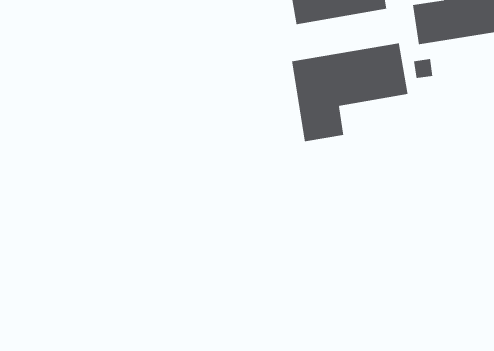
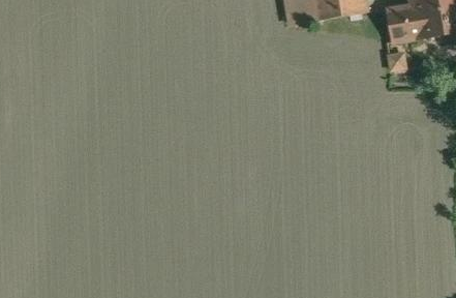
building: [291,42,408,142] -> none

